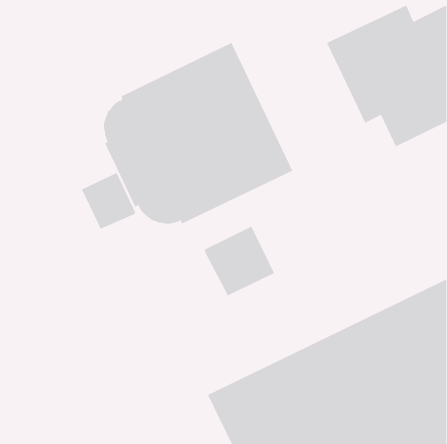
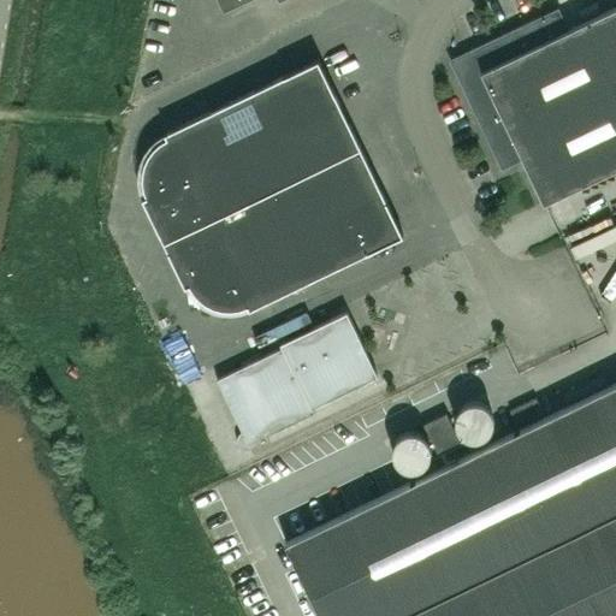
building: [81,172,136,229] -> none
building: none -> [217,353,314,454]

